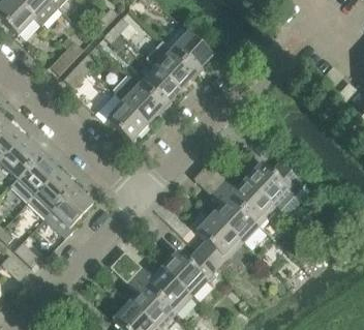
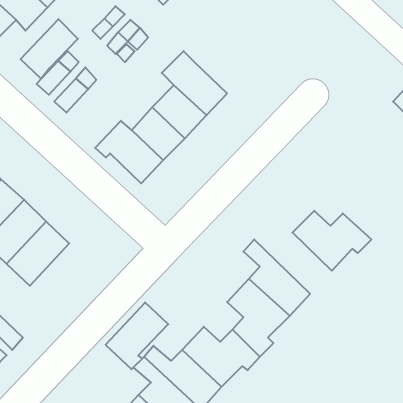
building: none -> [21,19,78,79]
building: [171,30,213,71] -> none
building: [216,175,275,223] -> none
building: [46,185,93,236] -> [106,302,168,369]

